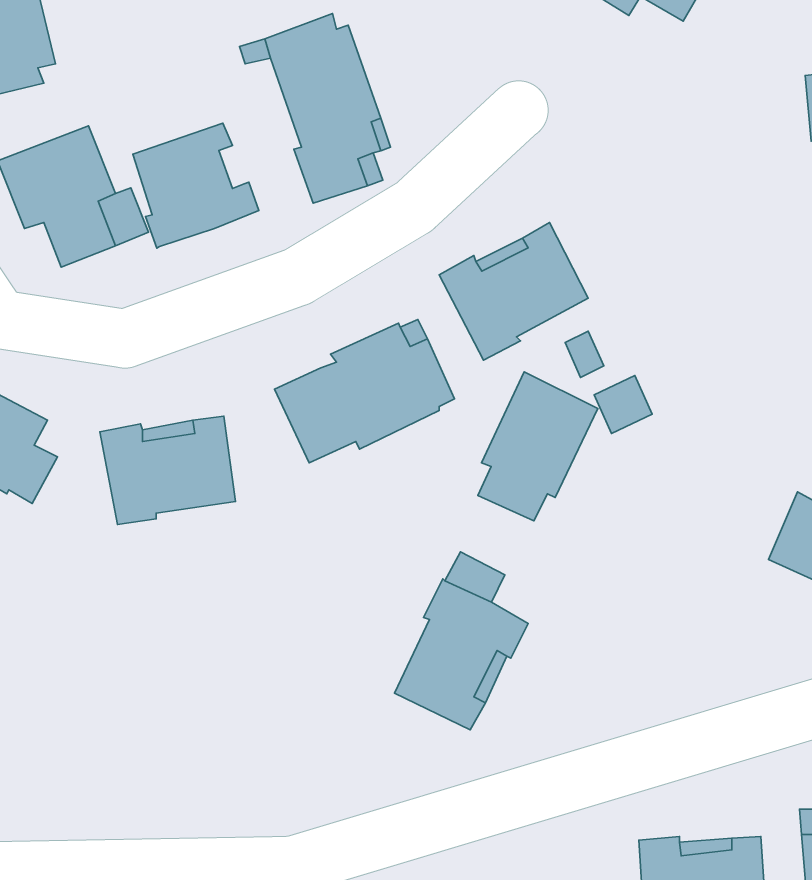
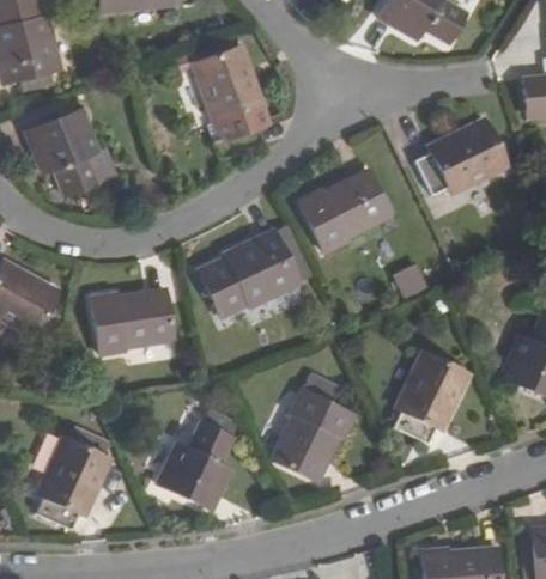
building: [133,123,259,248] -> none
building: none -> [414,120,505,195]
building: [478,372,598,521] -> [393,352,467,444]
building: none -> [157,409,236,511]
building: none -> [35,438,109,530]

